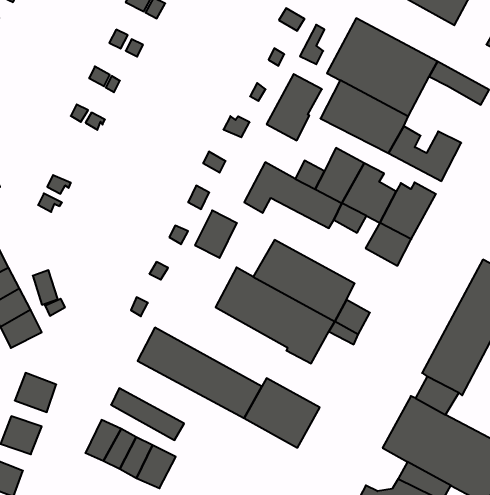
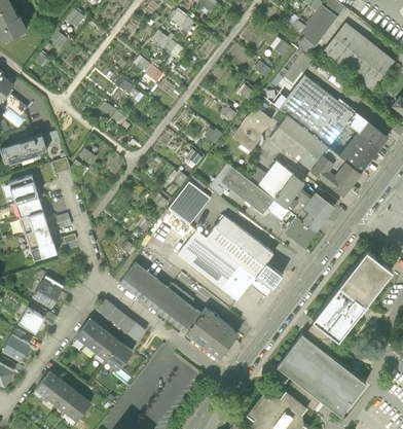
building: none -> [341,131,380,171]

